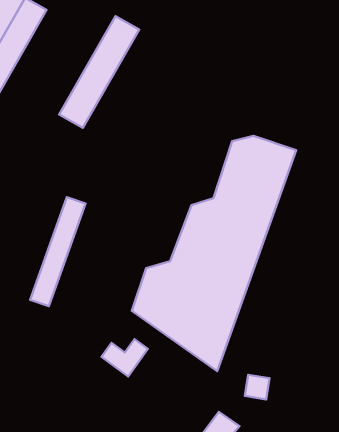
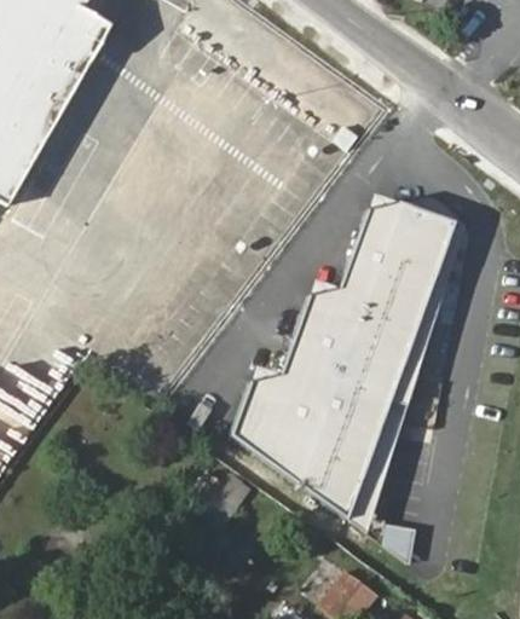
building: [59,16,139,128] -> none
building: [30,197,85,306] -> none

